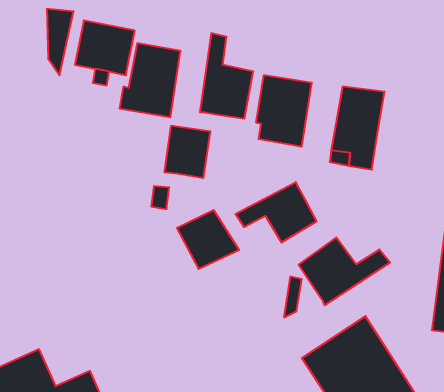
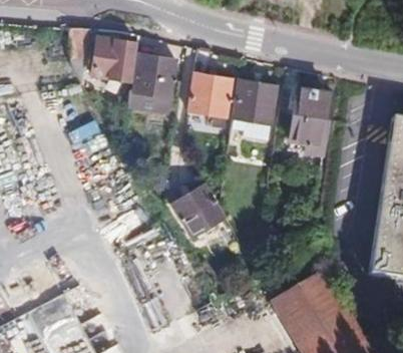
building: [165,126,210,178] -> none
building: [236,182,317,242] -> none
building: [299,237,390,305] -> none

